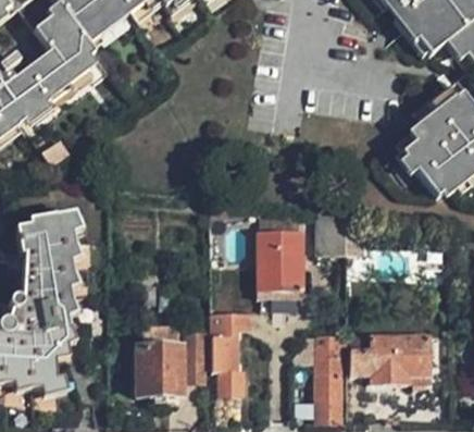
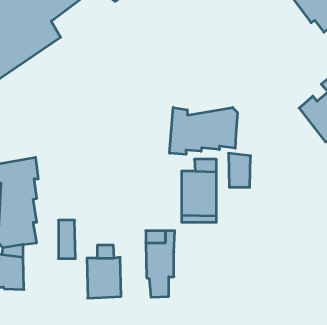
building: none -> [170,107,237,154]
building: [300,301,340,420] -> none
building: [185,330,207,379] -> [58,220,75,259]
building: [349,331,429,382] -> none

